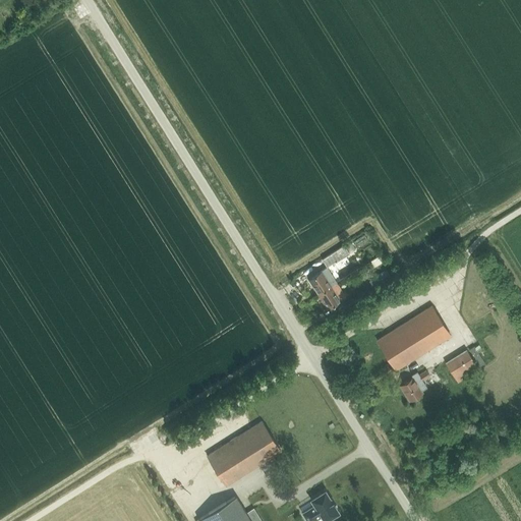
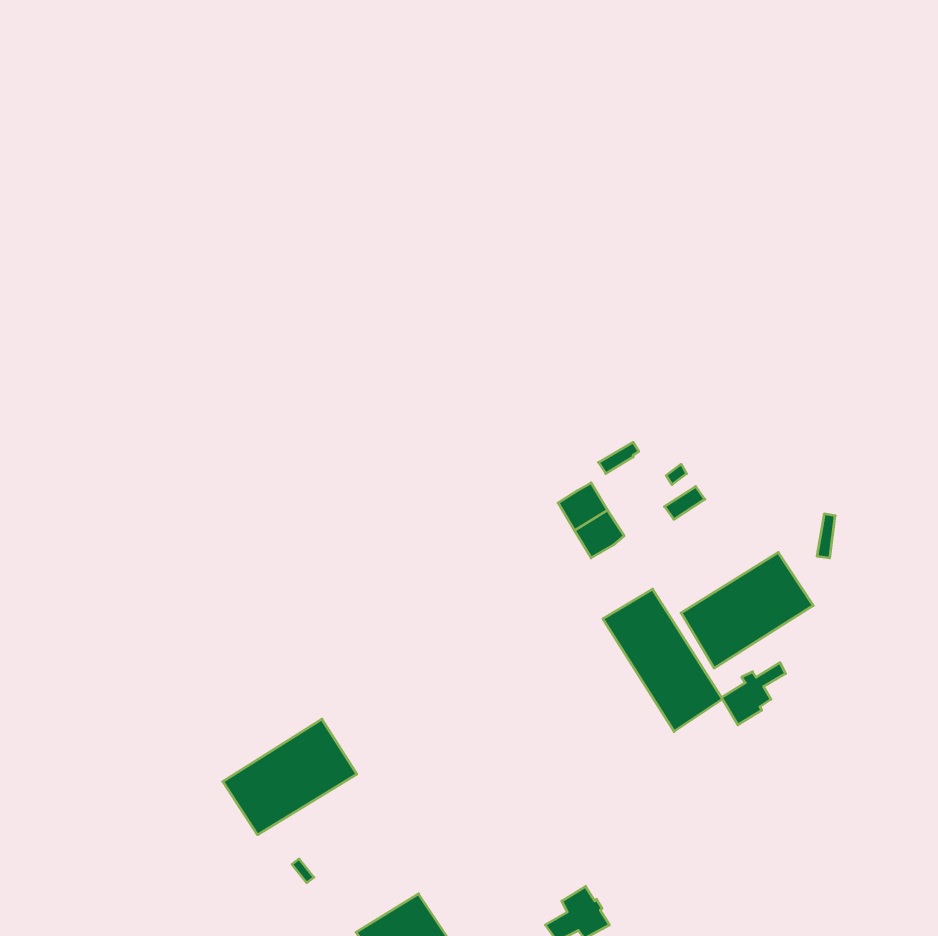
building: none -> [603,589,722,732]
building: [445,350,477,382] -> none
building: [207,422,281,486] -> [223,719,357,835]

